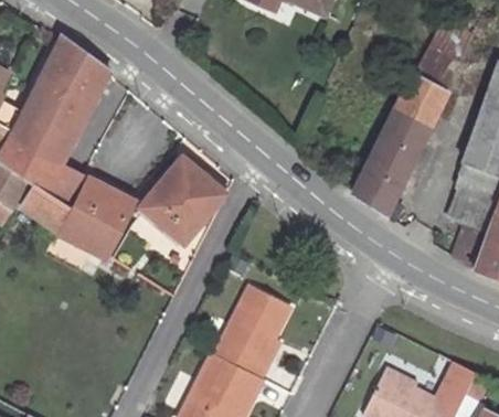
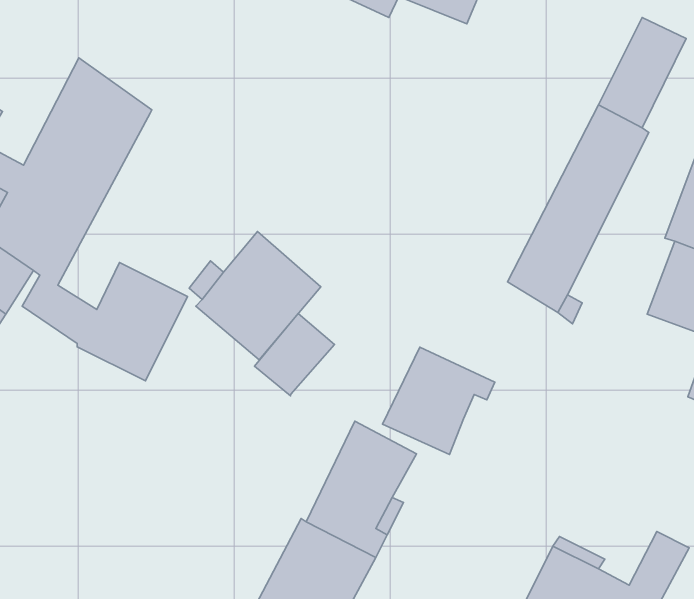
building: [47,165,89,211] -> none
building: none -> [255,314,335,396]
building: none -> [382,347,495,455]

